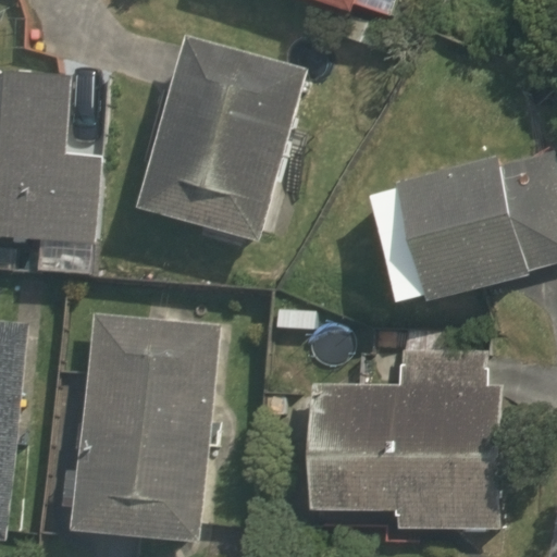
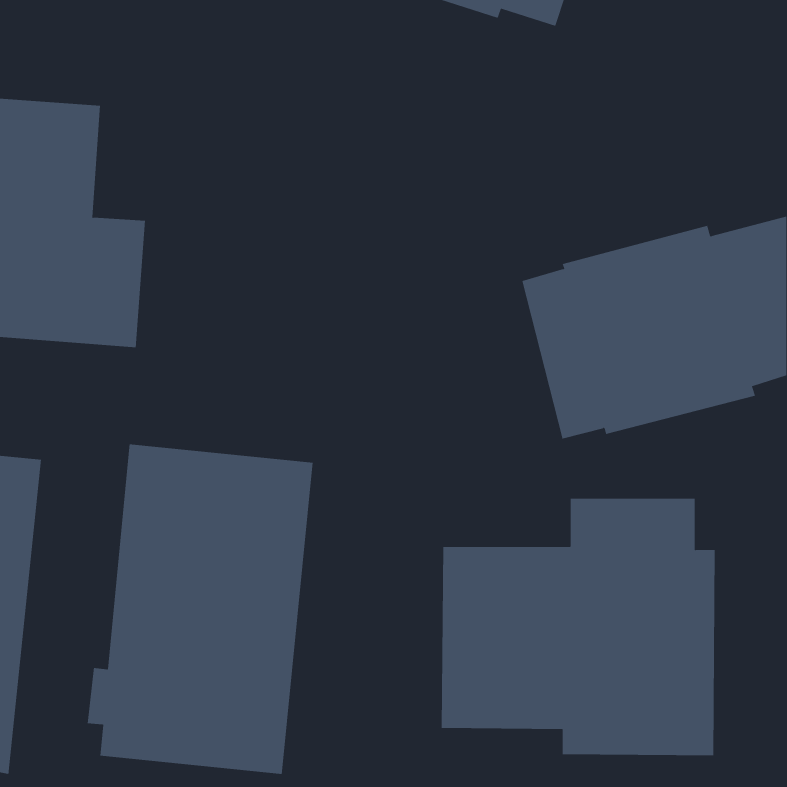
building: [135,35,309,245] -> none

